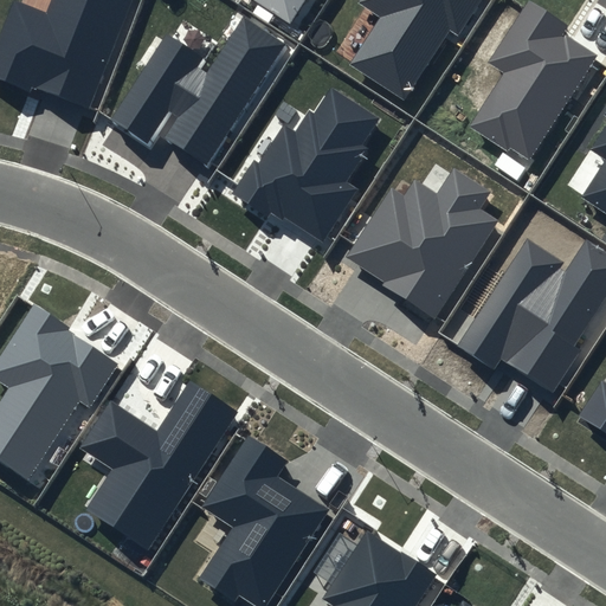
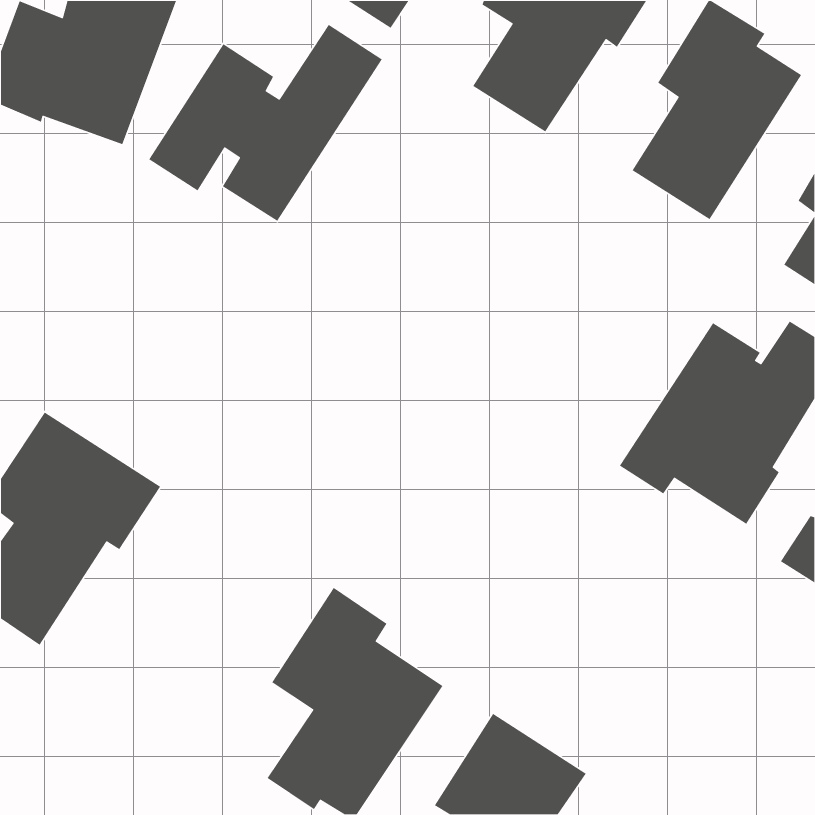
building: [232,88,380,244] -> none
building: [344,168,498,317] -> none
building: [80,376,240,548] -> none

